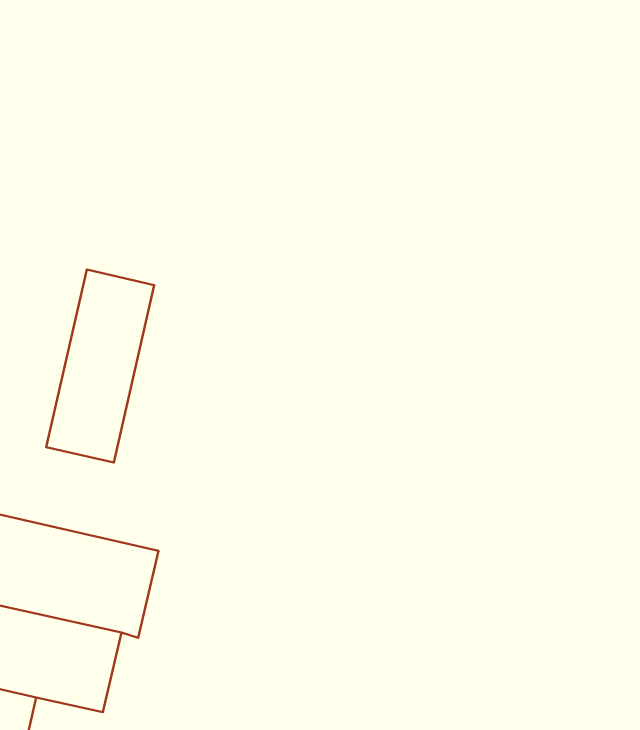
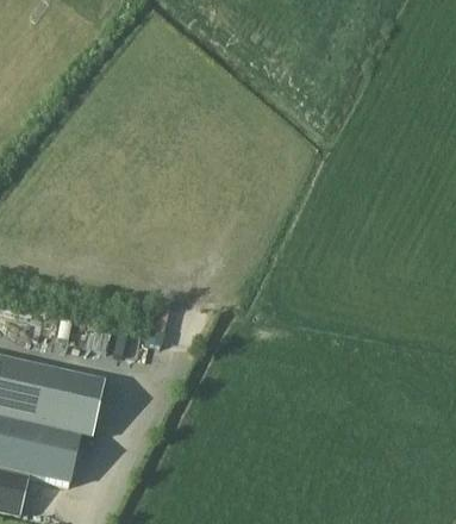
building: [46,270,154,463] -> none

